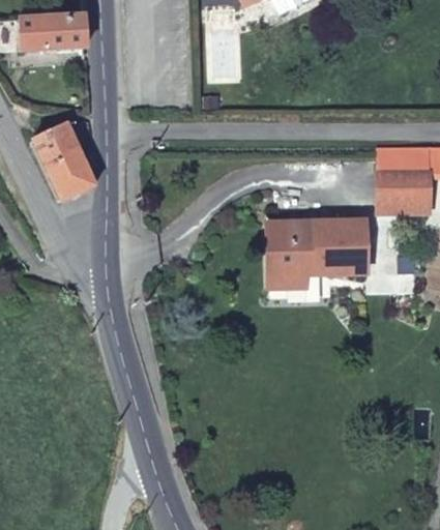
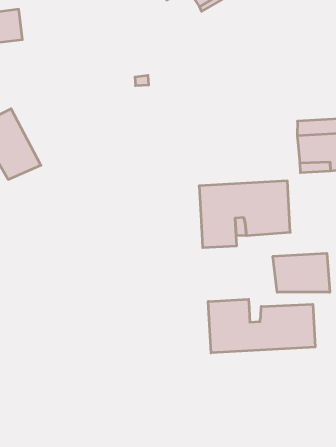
building: none -> [273,253,330,292]
building: none -> [208,299,315,353]

